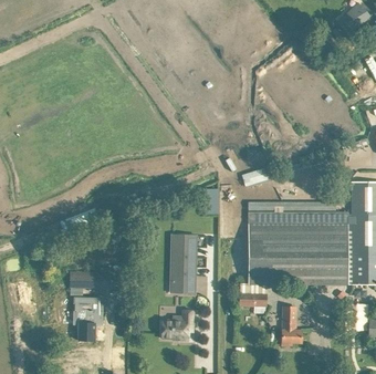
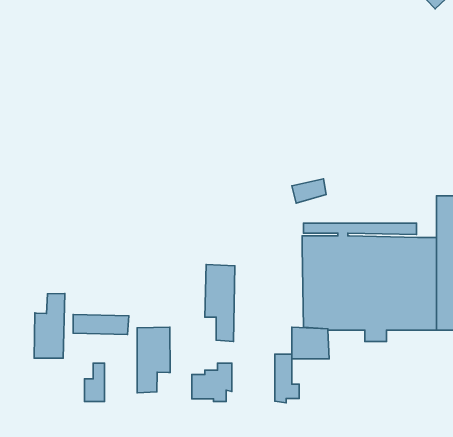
building: none -> [34,293,65,358]
building: none -> [137,327,170,393]
building: [282,308,301,345] -> [275,354,299,403]

